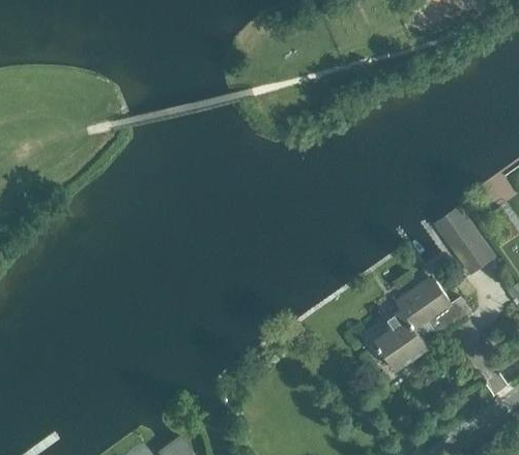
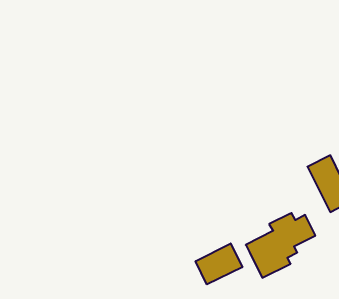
building: none -> [196,243,242,284]

